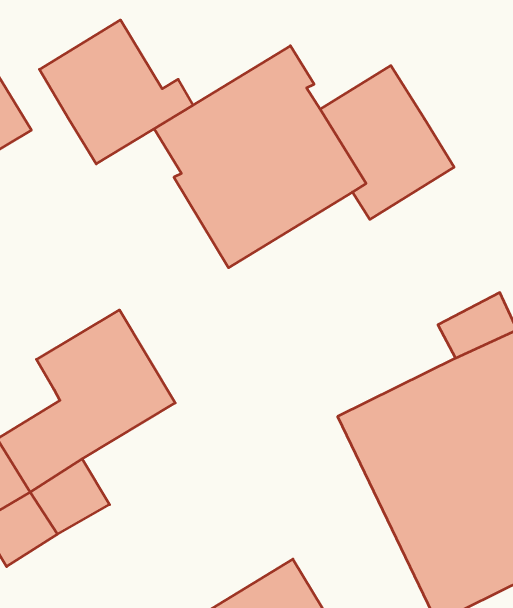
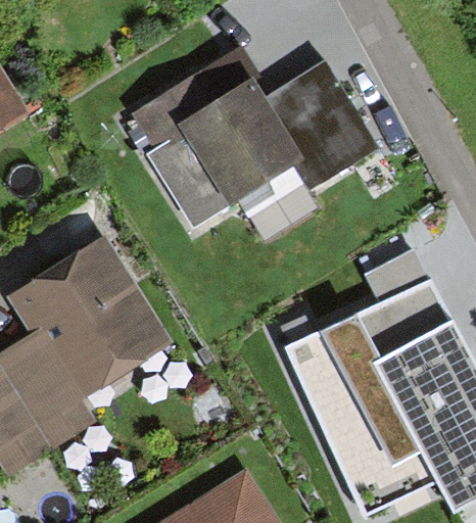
building: [39,20,193,164] -> none

